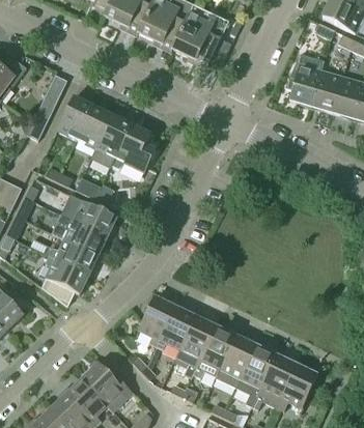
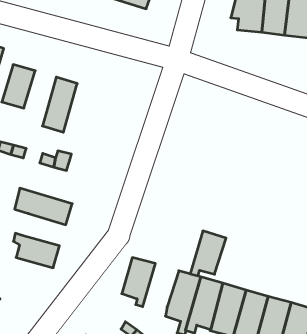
building: [76,106,111,148] -> none
building: [111,124,155,172] -> none
building: [59,194,116,236] -> none
building: [48,238,96,274] -> none
building: [156,306,195,348] -> [190,231,226,276]

